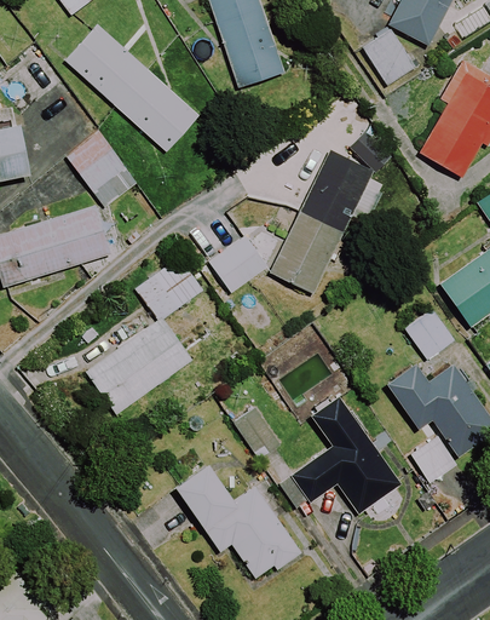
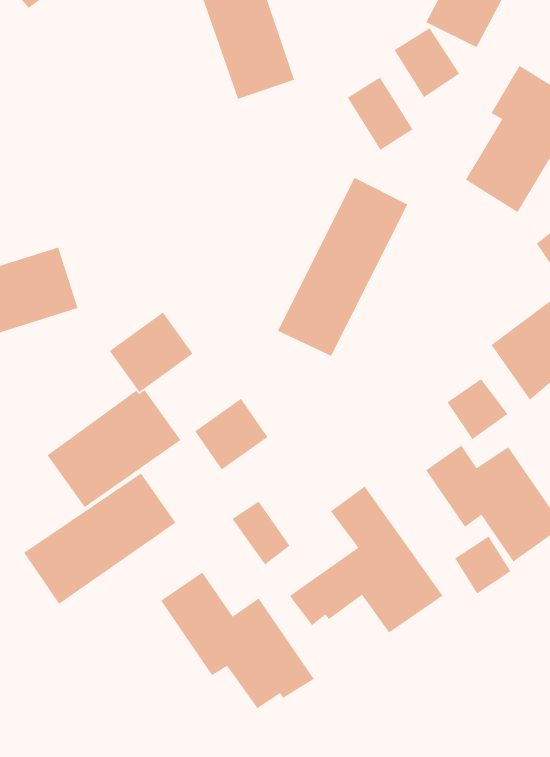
building: [67,25,200,151] -> none
building: none -> [347,76,413,151]
building: [67,130,138,207] -> none
building: [209,235,269,293] -> [194,398,268,471]
building: none -> [23,472,176,605]

